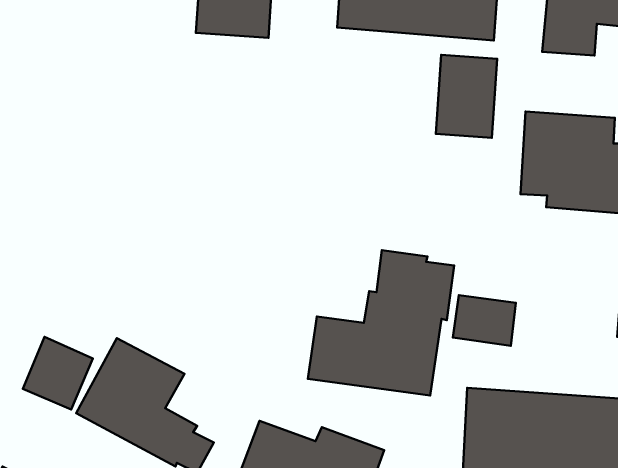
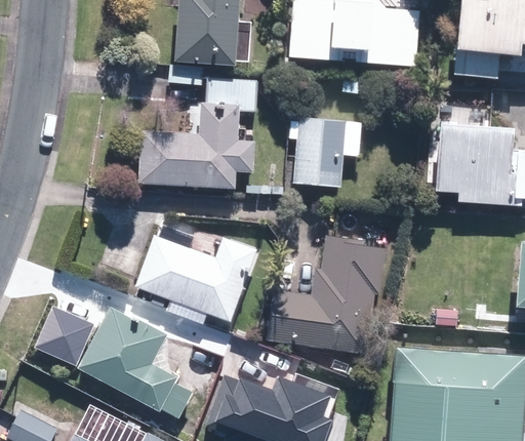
building: none -> [139,77,258,189]
building: [436,55,497,138] -> [295,118,345,185]
building: none -> [136,236,255,320]
building: [453,295,516,346] -> none

